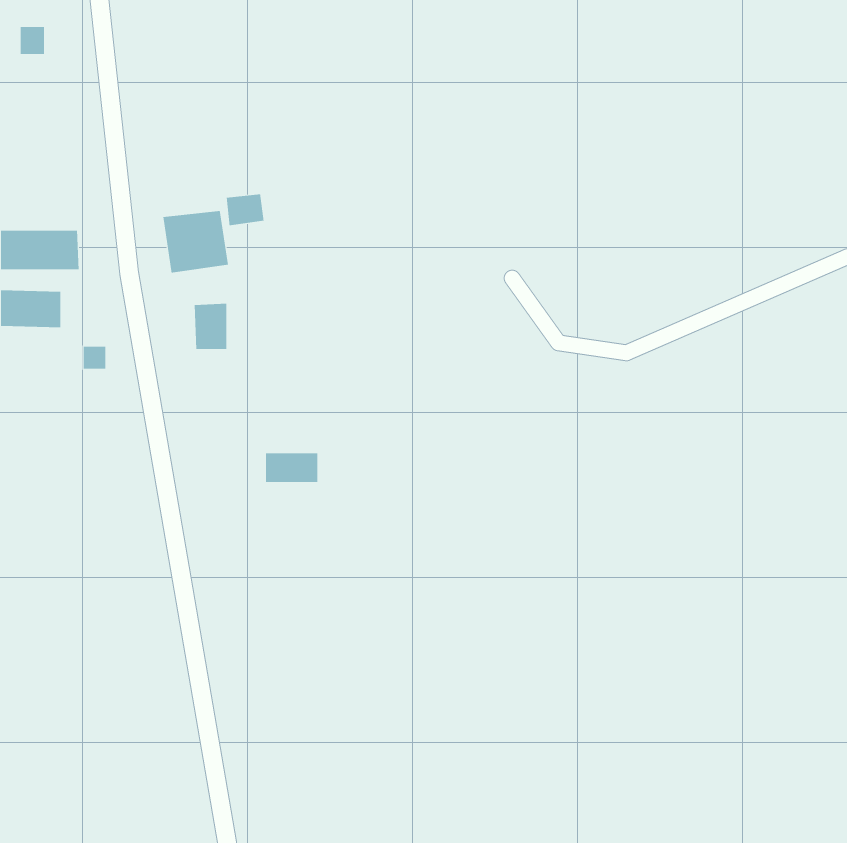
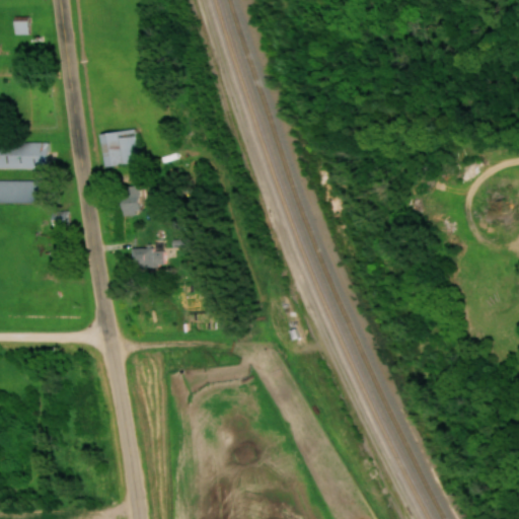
building: [226,194,264,226] -> none
building: [265,453,318,483] -> [131,250,163,269]

